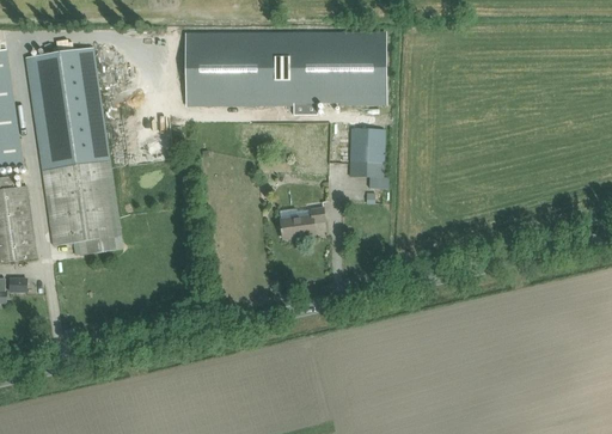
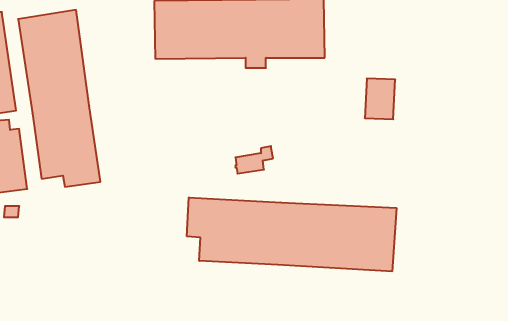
building: [348,128,384,176] -> [365,79,395,119]
building: none -> [187,197,396,271]

